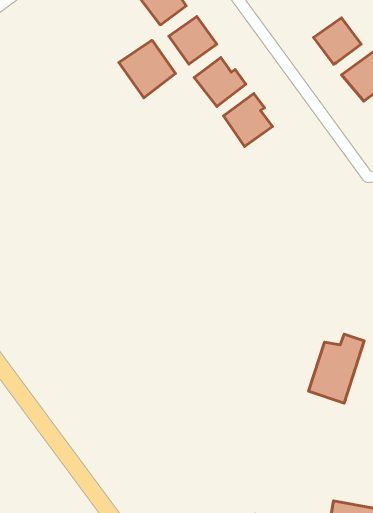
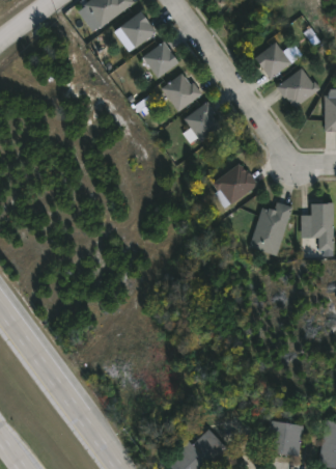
building: [119,40,175,98] -> none
building: none -> [212,164,257,204]
building: [308,334,364,403] -> [249,201,292,255]

